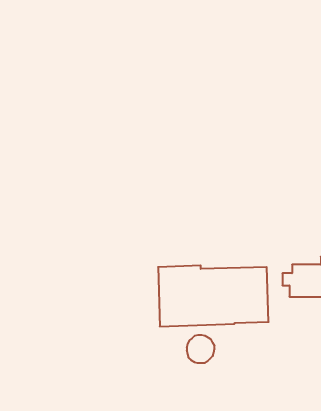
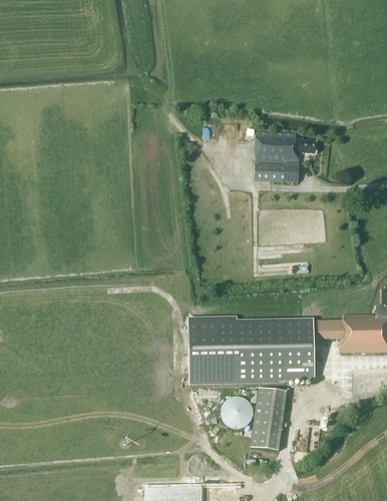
building: none -> [254,130,318,181]
building: none -> [249,386,286,450]

